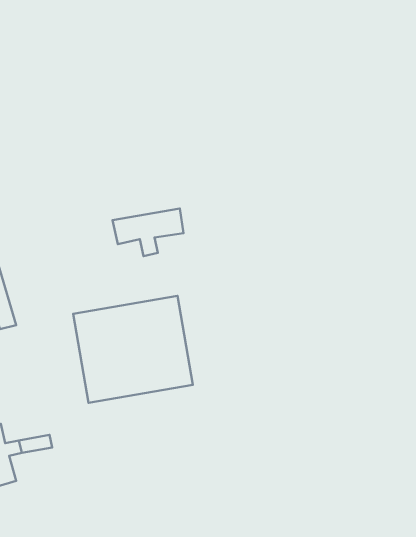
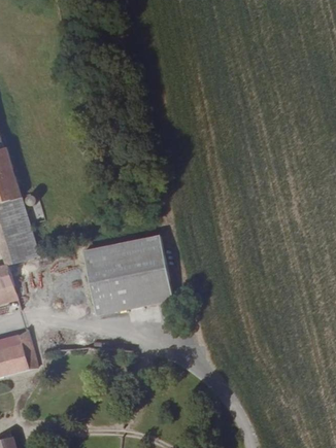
building: [113,208,184,256] -> none

